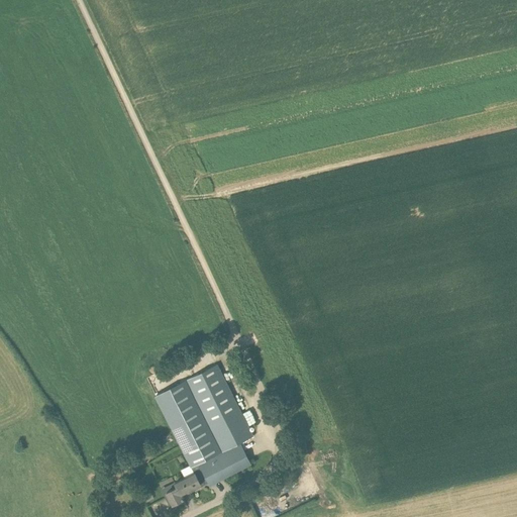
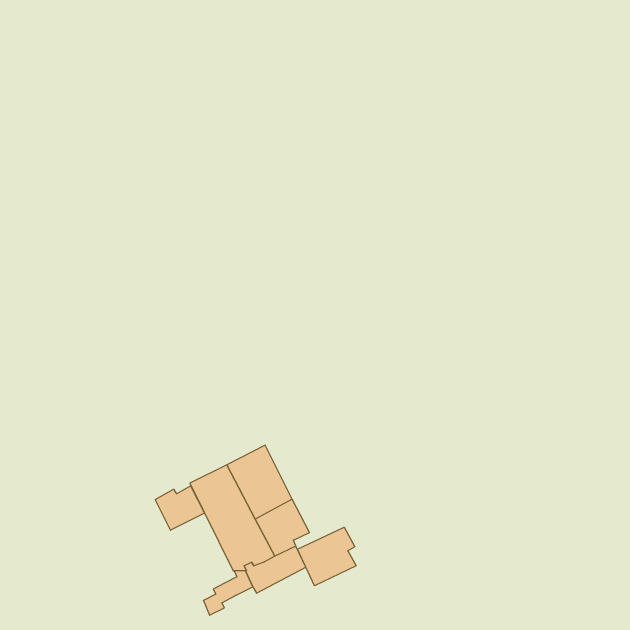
building: none -> [155,486,205,530]
building: none -> [297,527,356,586]

